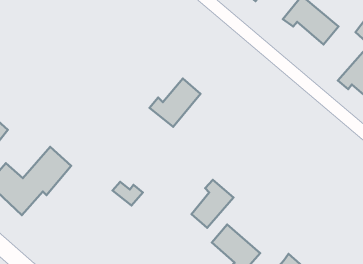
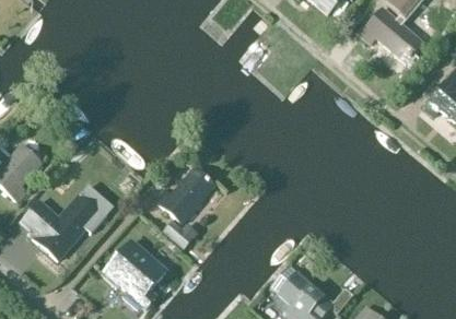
building: [150,79,201,127] -> [155,167,214,223]
building: [191,180,234,228] -> none
building: none -> [104,241,166,308]

